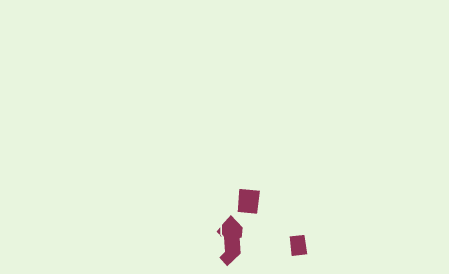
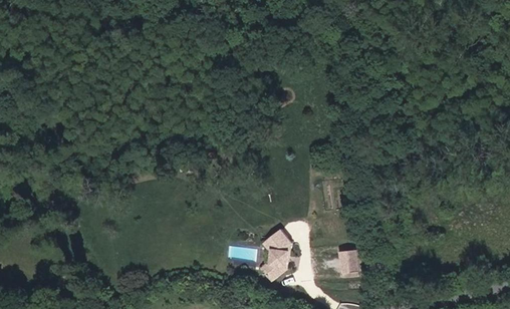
building: [237,188,260,214] -> none

